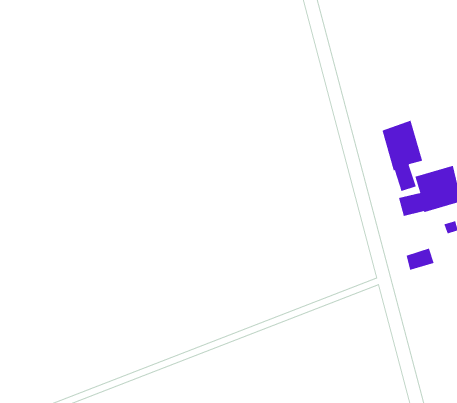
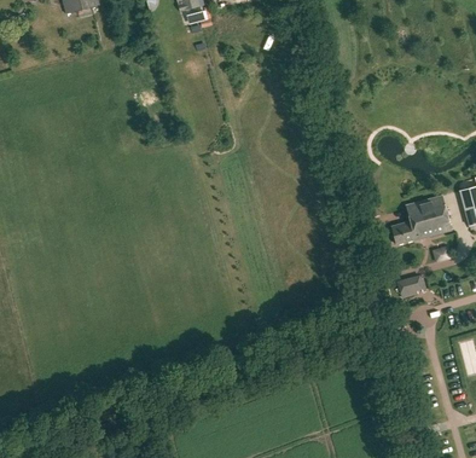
building: [382,120,423,192] -> none

